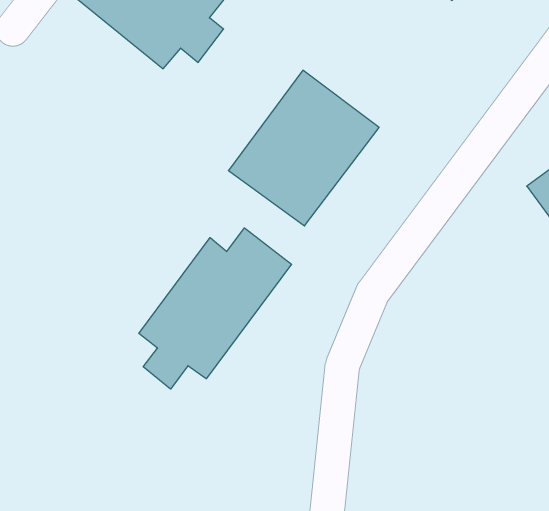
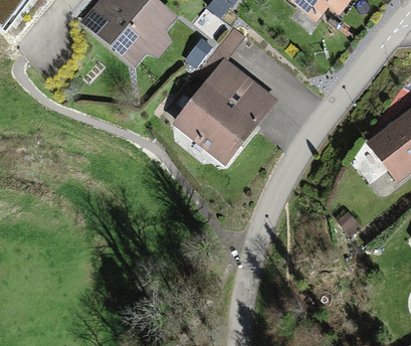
building: [139,228,292,389] -> none

